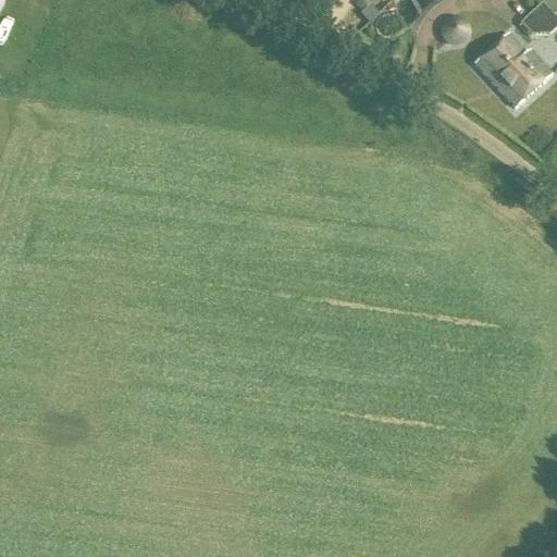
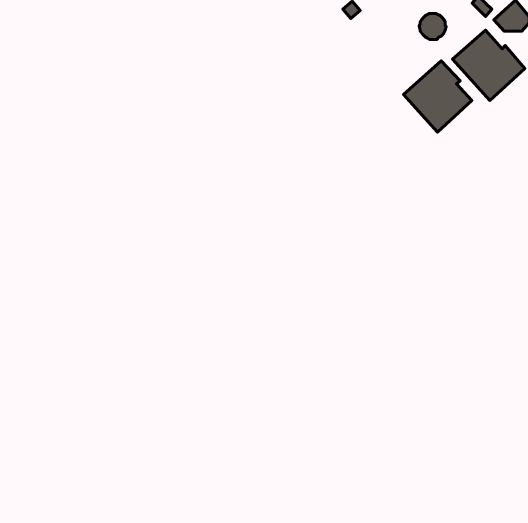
building: none -> [404,61,472,132]

